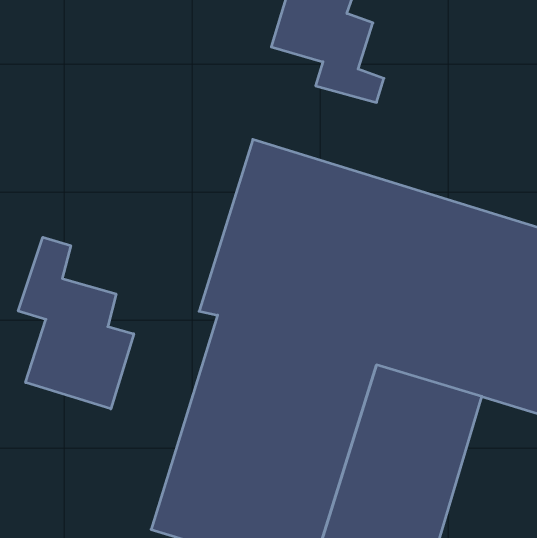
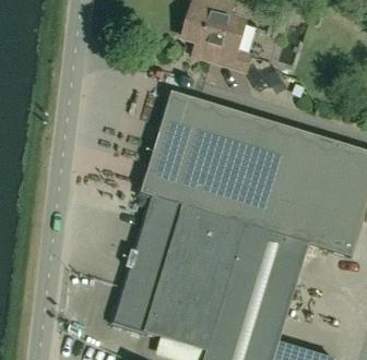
building: [18,237,134,409] -> none

